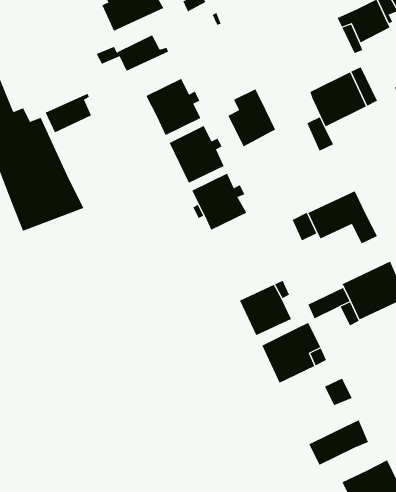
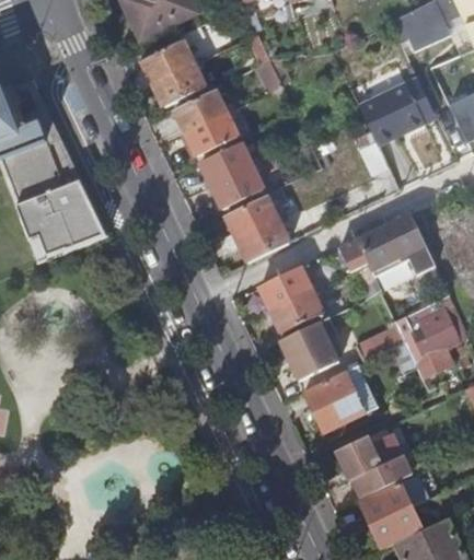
building: [228,88,276,147] -> none
building: [45,93,92,133] -> [152,61,205,106]
building: none -> [258,267,321,332]
building: none -> [334,436,397,500]
building: none -> [369,505,421,550]

